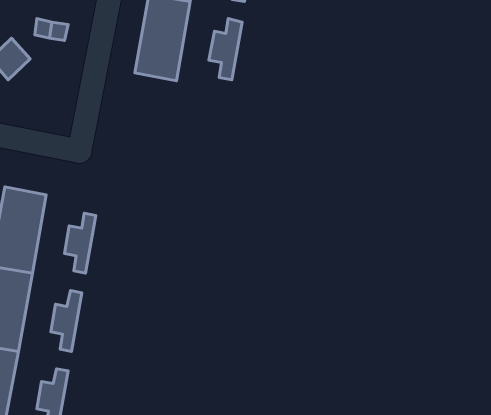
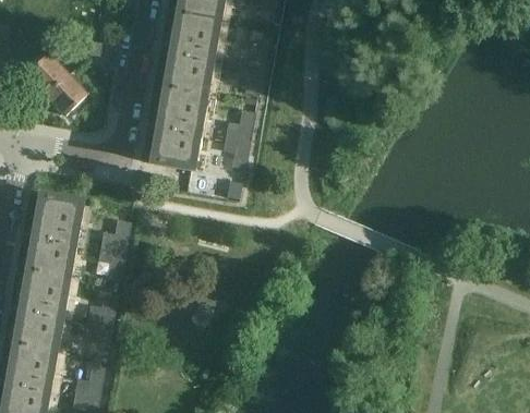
building: none -> [44,73,83,112]
building: none -> [150,86,203,168]
building: none -> [221,109,252,167]

